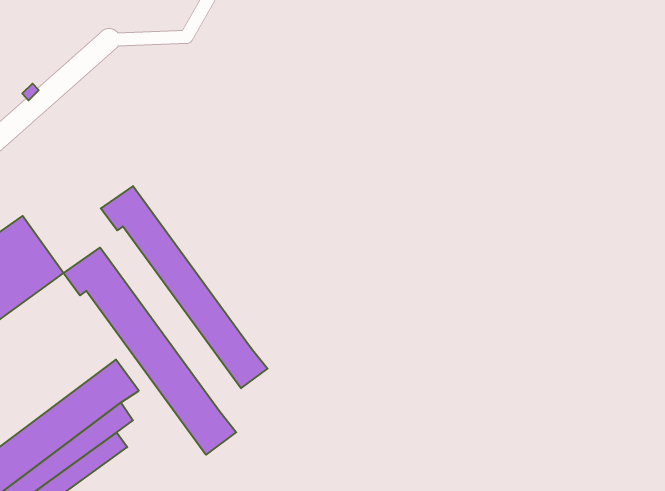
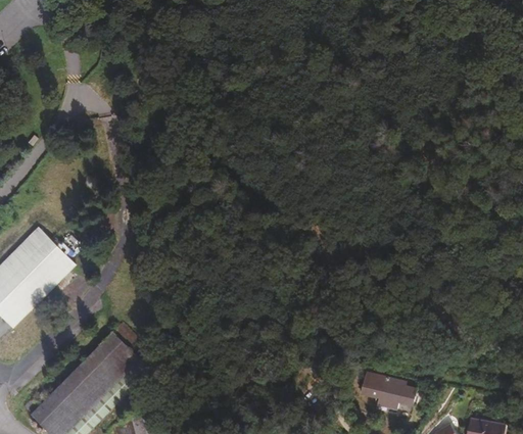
building: [101,186,268,388] -> none
building: [63,248,236,455] -> none

